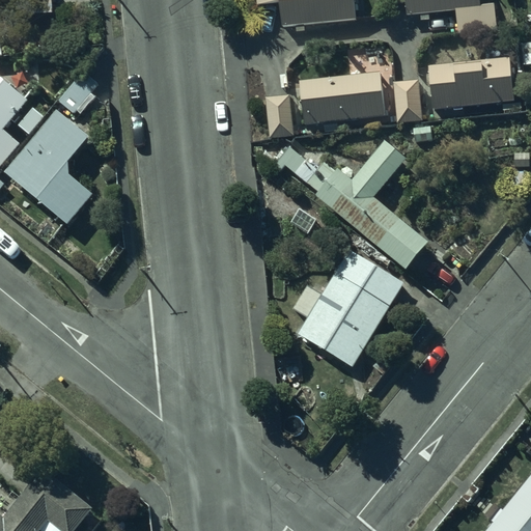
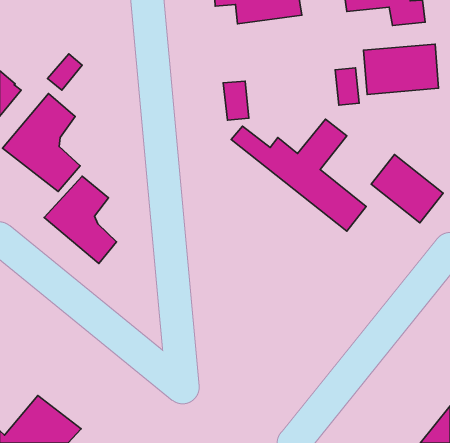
building: [296,69,386,127] -> none
building: none -> [371,155,443,223]
building: none -> [44,176,117,264]
building: [290,249,406,367] -> none

